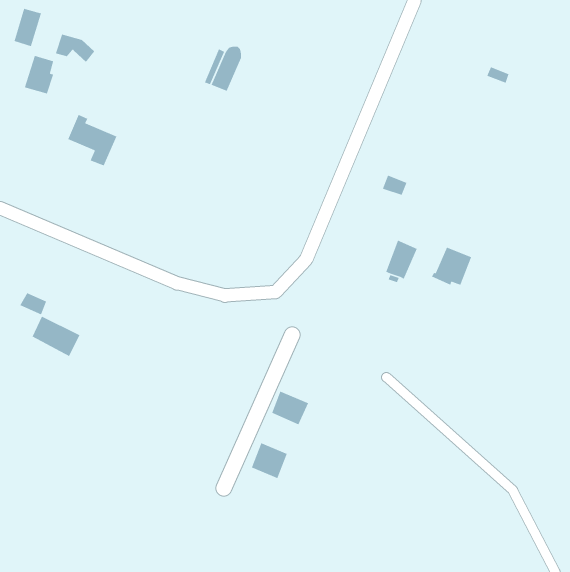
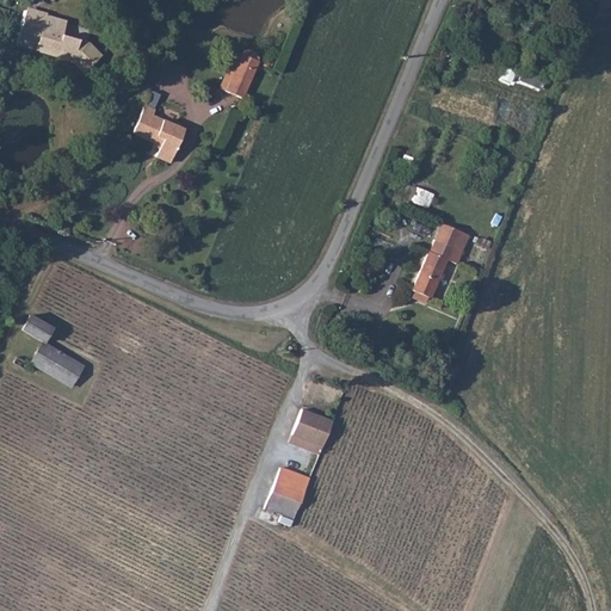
building: [24,55,54,94] -> [36,16,68,57]
building: [67,114,118,166] -> [132,106,186,162]
building: [431,247,472,286] -> [426,223,470,265]

